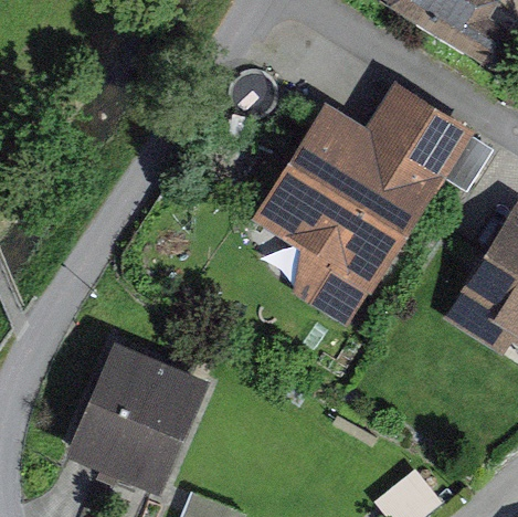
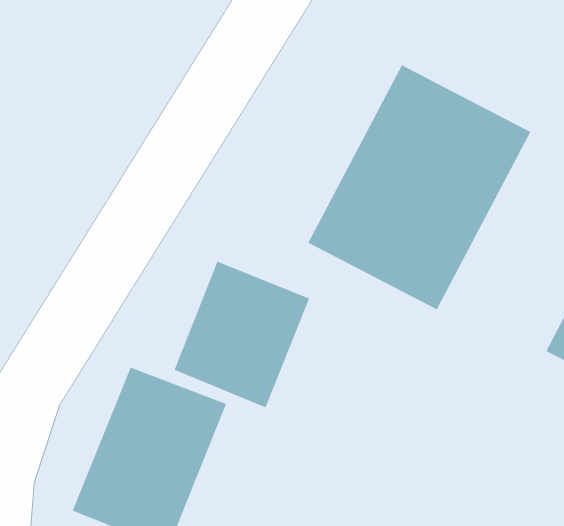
building: none -> [174,261,310,408]

